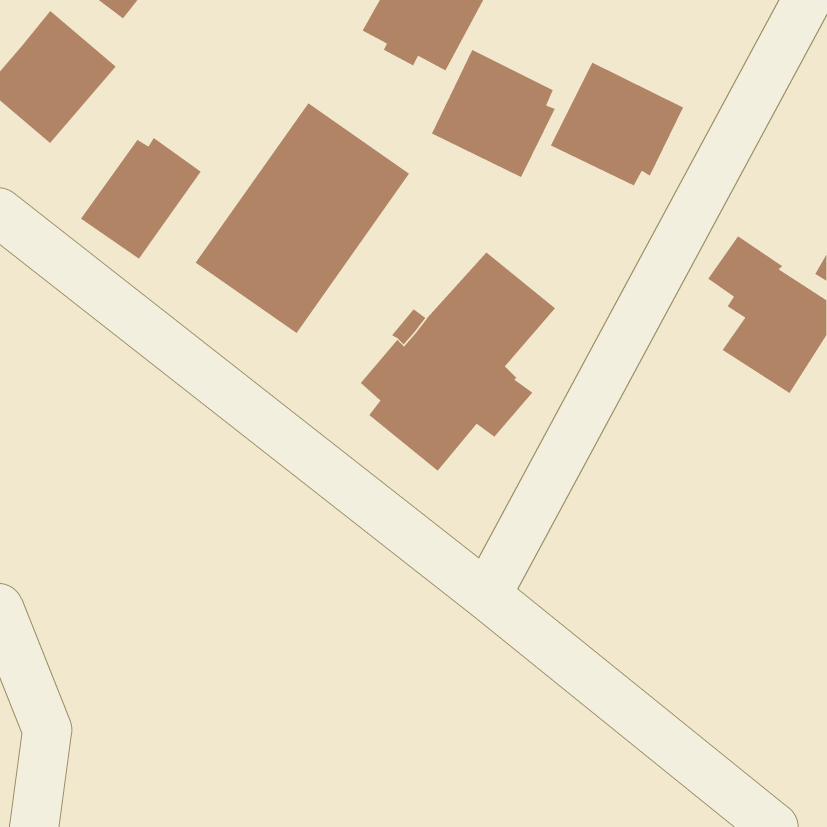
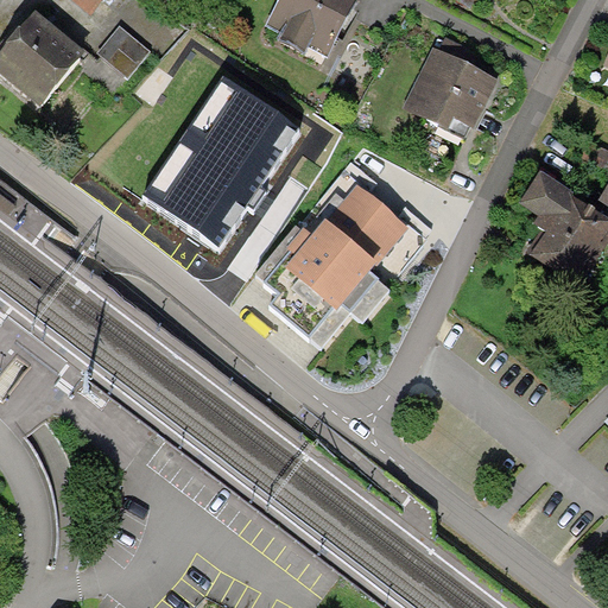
building: none -> [97,25,150,77]
building: [431,49,556,178] -> none
building: [80,137,202,260] -> none

